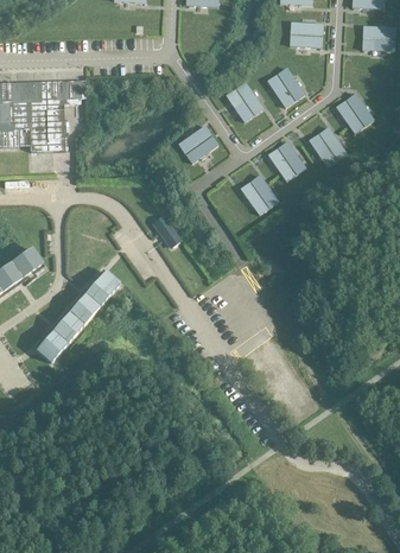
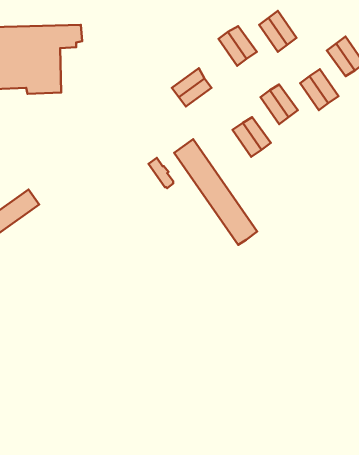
building: none -> [174,139,257,245]
building: [37,271,120,362] -> none

